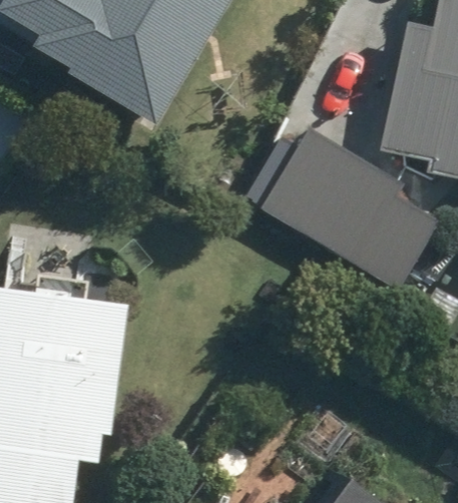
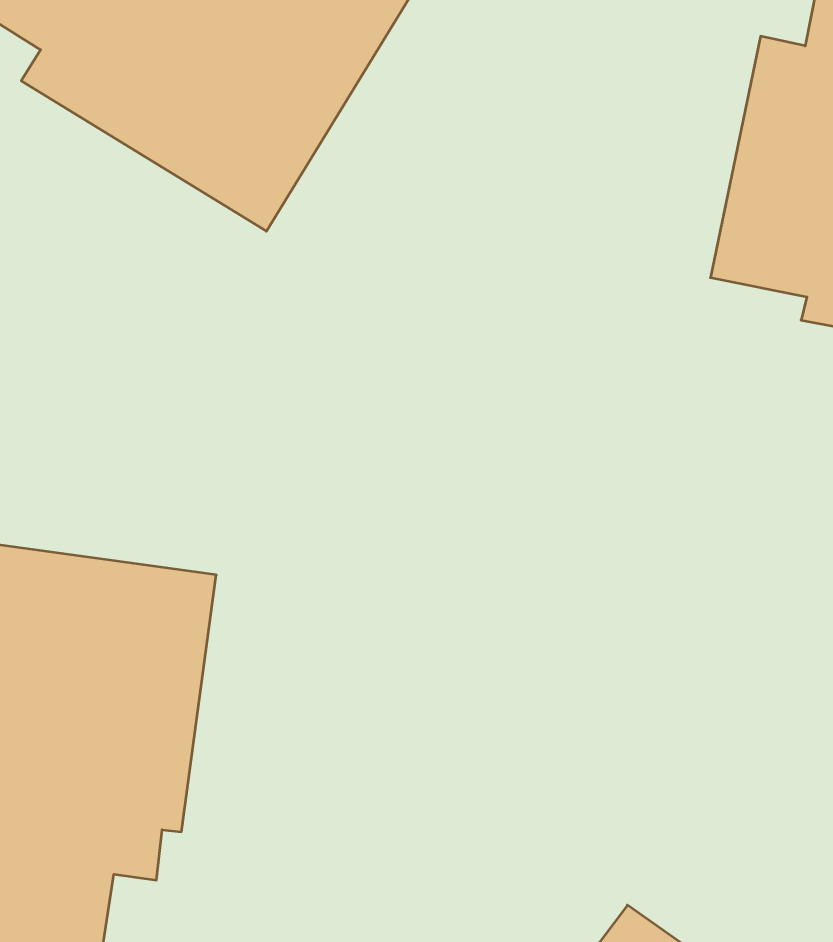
building: [264,130,441,292] -> none

